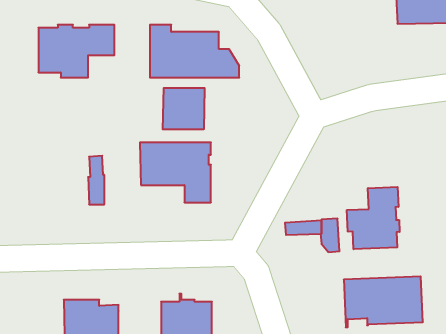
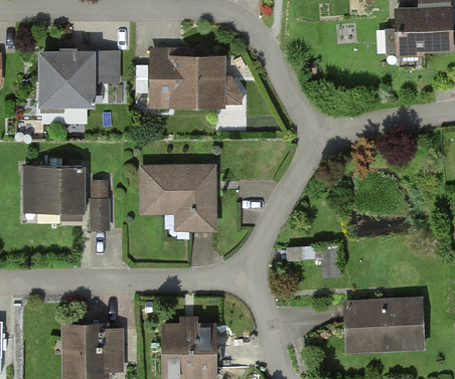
building: [163,88,205,129] -> none
building: none -> [24,167,84,221]
building: [347,187,400,249] -> none

